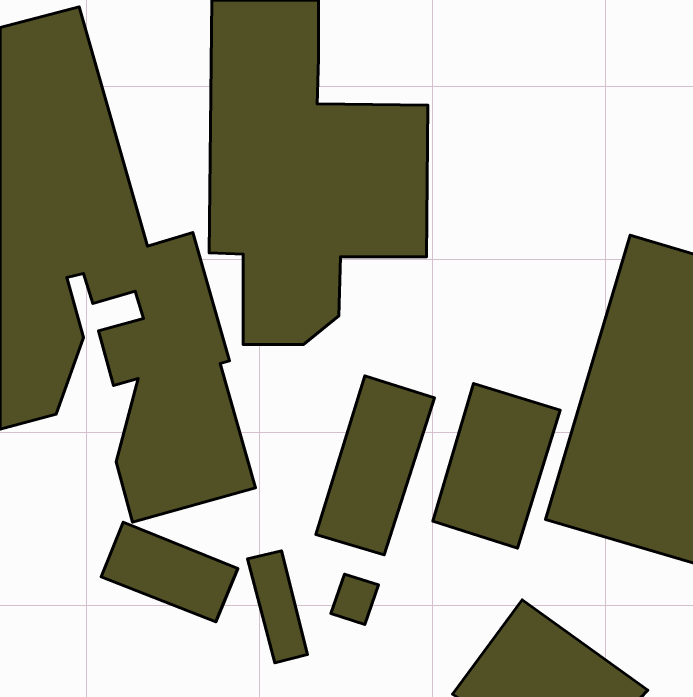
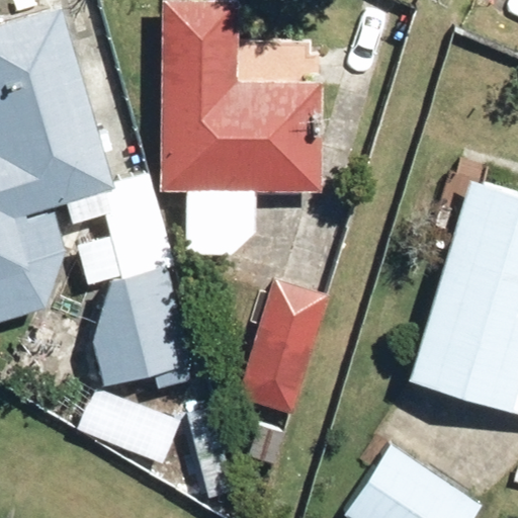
building: [433,383,560,548] -> none

